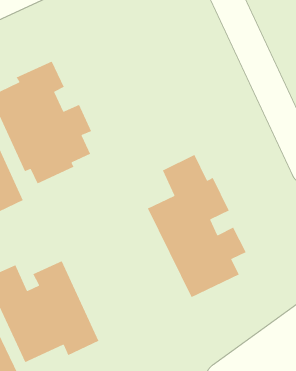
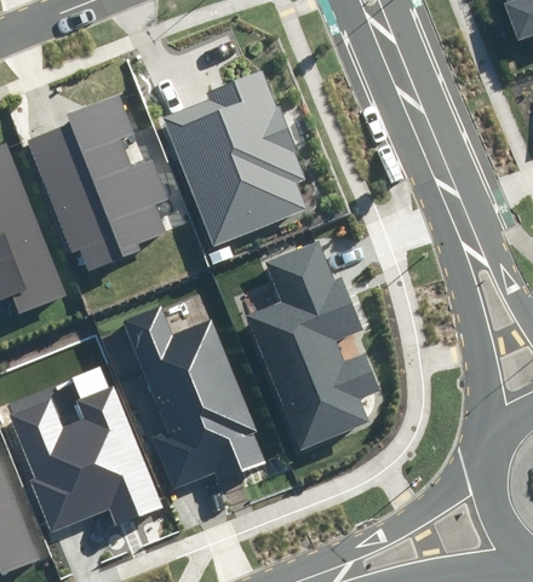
building: none -> [165,71,308,242]
building: none -> [122,304,269,486]

